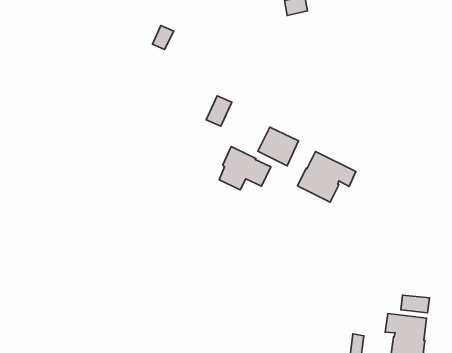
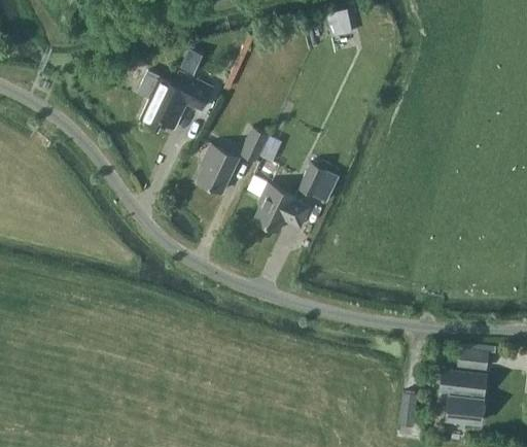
building: none -> [137,71,212,129]
building: none -> [197,145,239,194]
building: [297,151,356,202] -> none

